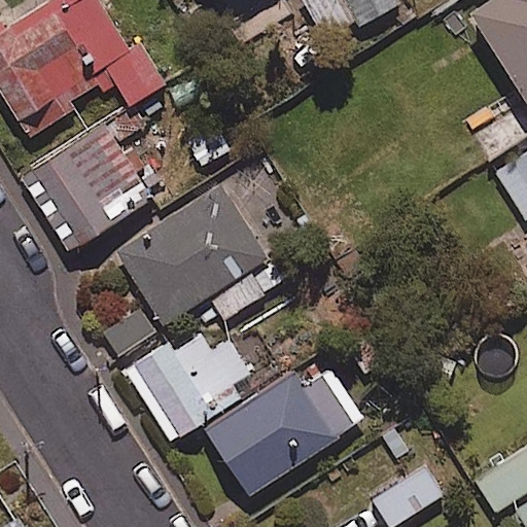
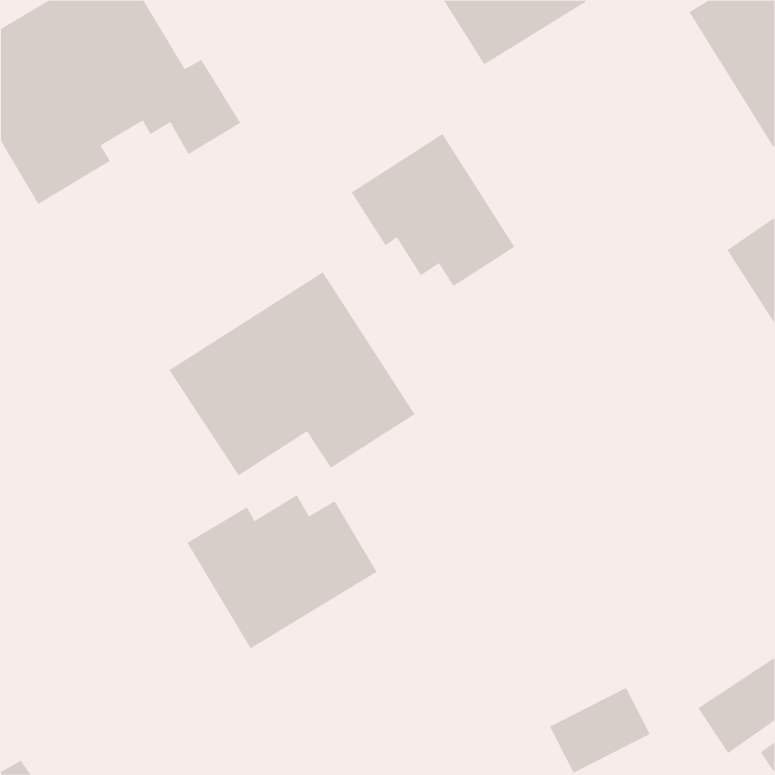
building: none -> [351,133,515,287]
building: [19,103,151,251] -> none
building: [205,368,353,495] -> none

